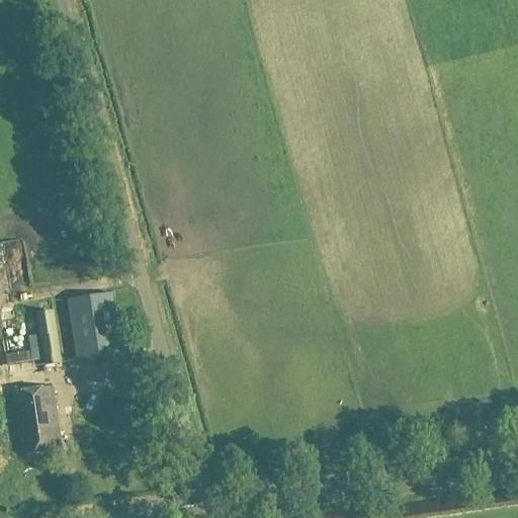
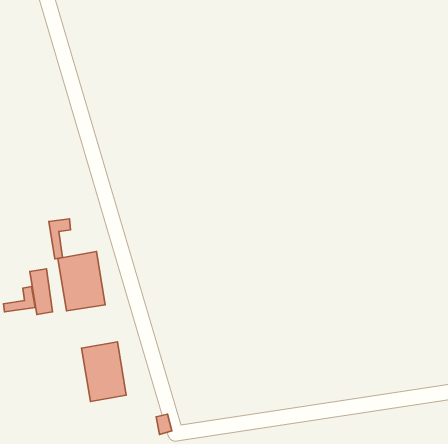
building: none -> [49,219,71,259]
building: [10,384,62,453] -> [82,342,126,401]

